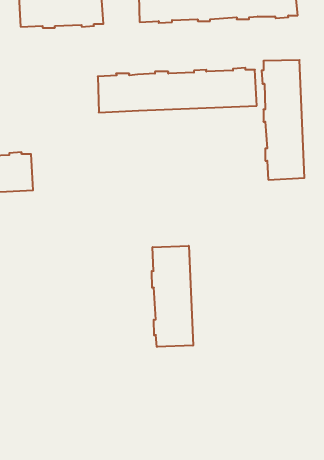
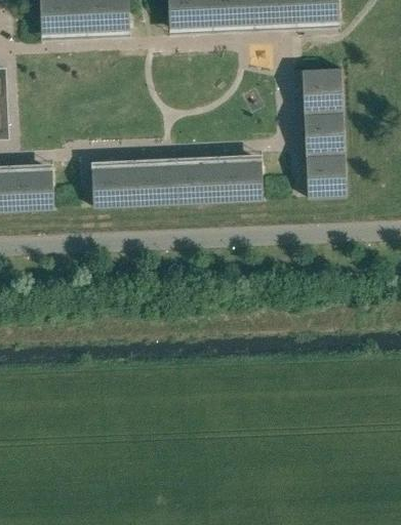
building: [98,68,257,112] -> [92,159,264,207]
building: [152,246,193,347] -> none

